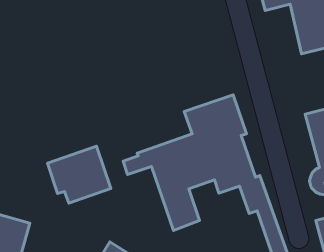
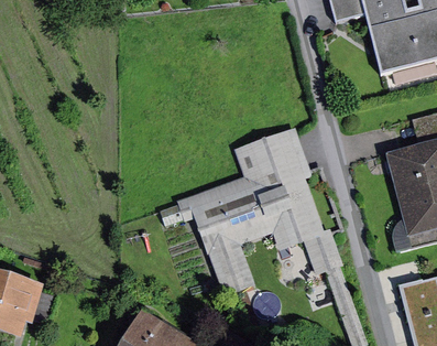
building: [47,146,111,203] -> none

